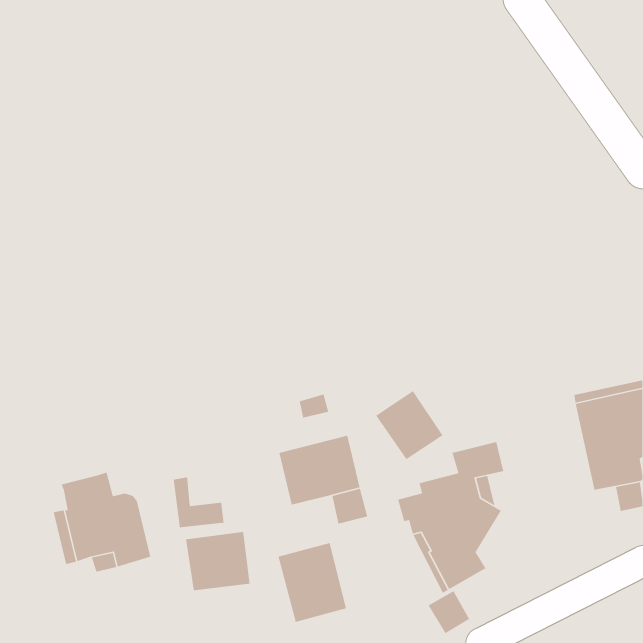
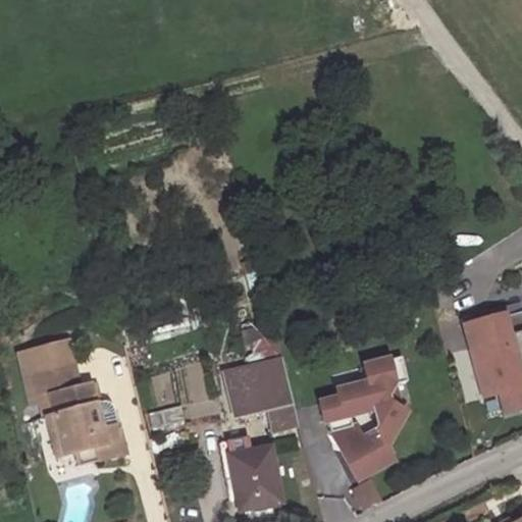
building: [375,390,443,460] -> none
building: none -> [16,340,77,403]
building: [185,531,251,591] -> none

